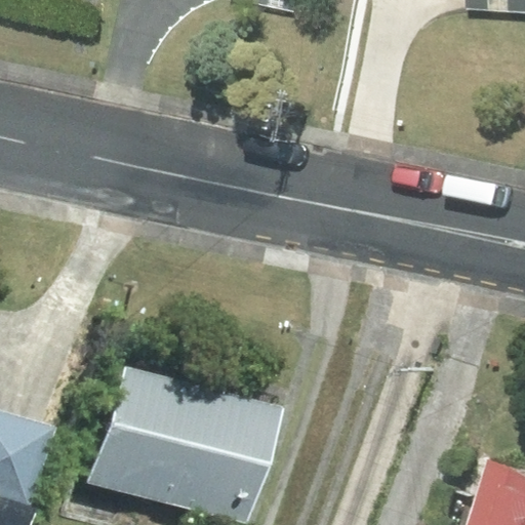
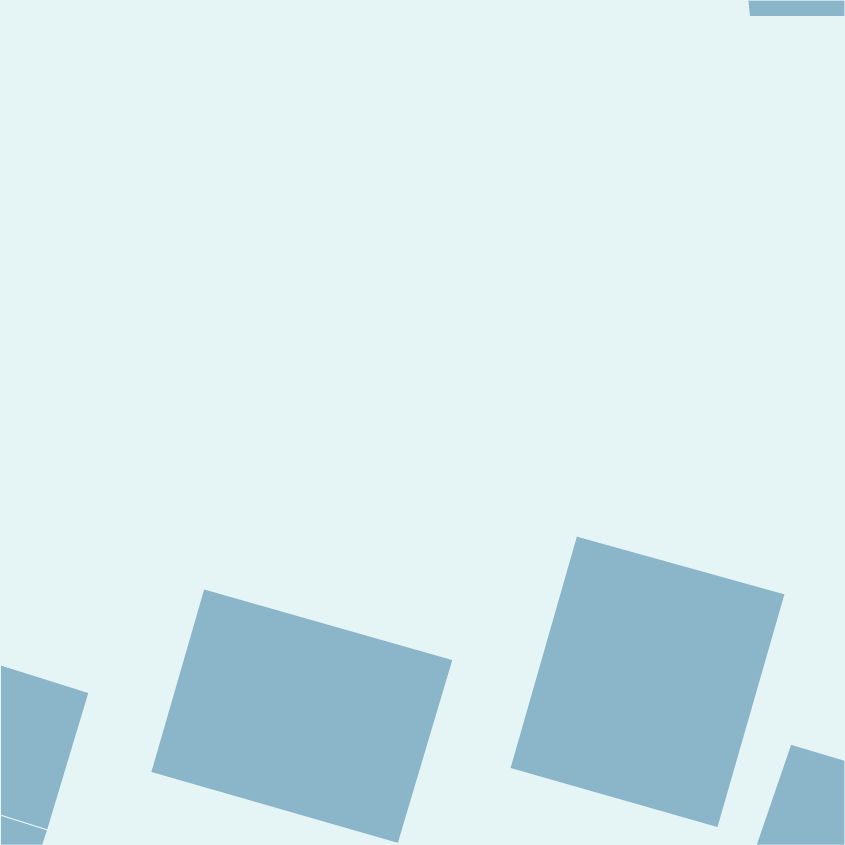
building: none -> [510,536,785,828]

